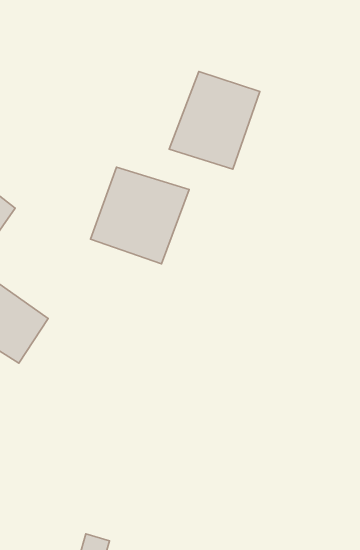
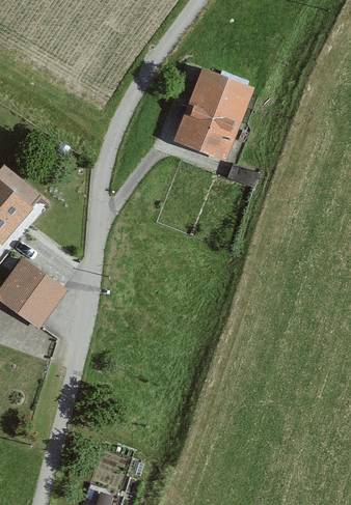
building: [90,167,189,264] -> none

